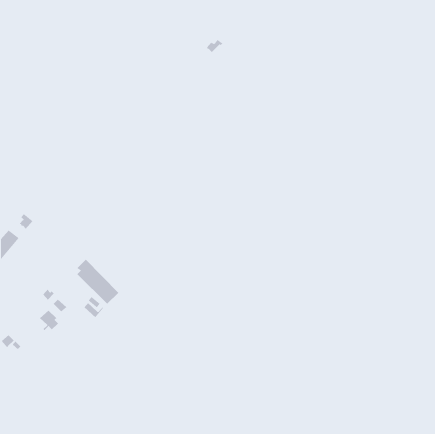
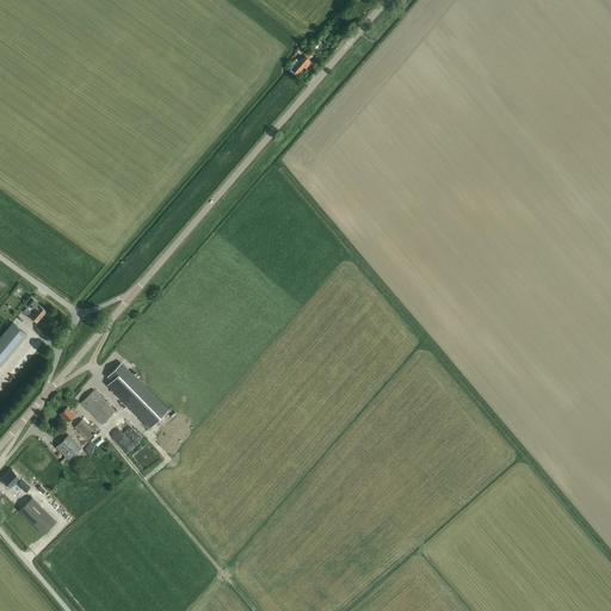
building: none -> [81,390,115,425]
building: none -> [19,498,56,535]

